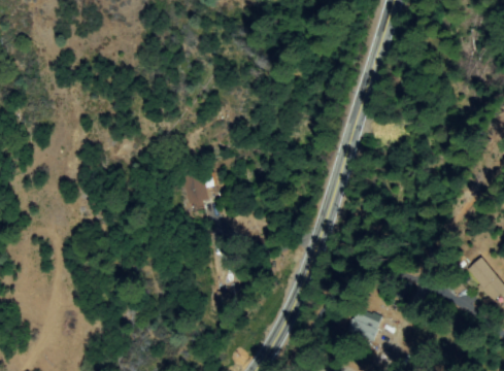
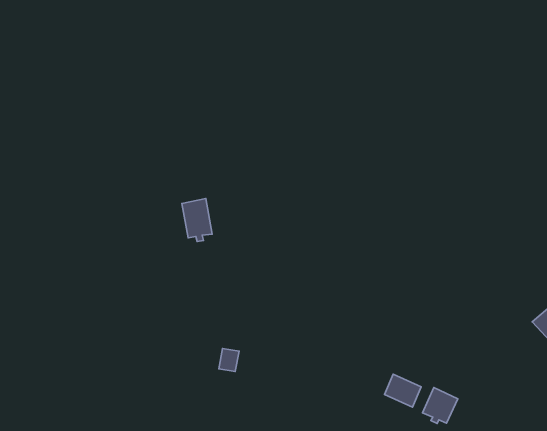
building: none -> [423,387,458,424]

